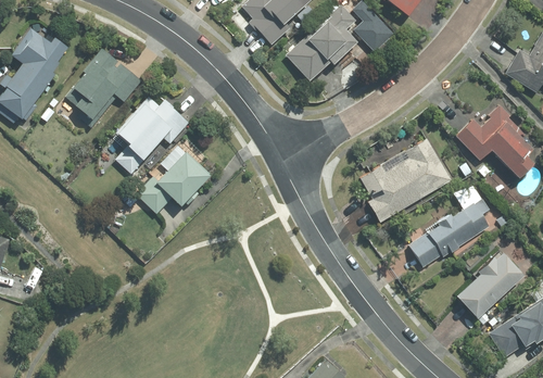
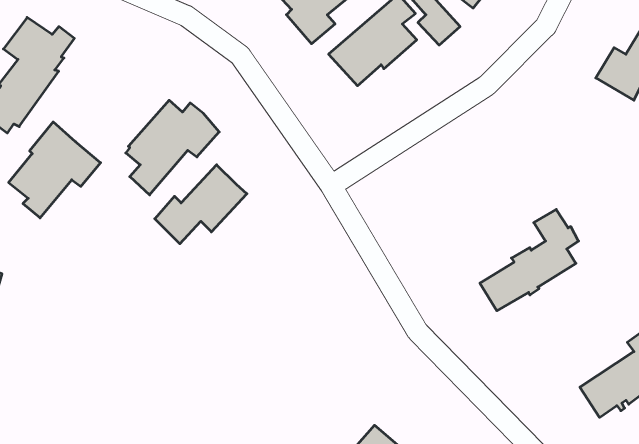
building: [71,43,147,123] -> [9,122,101,218]
building: [455,103,531,179] -> none
building: [361,139,452,223] -> none
building: [453,252,520,318] -> none

